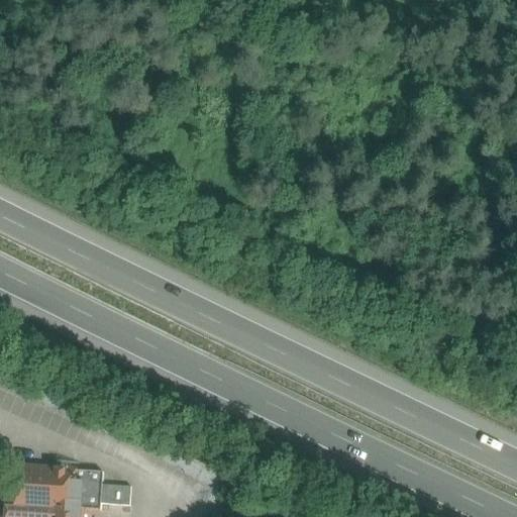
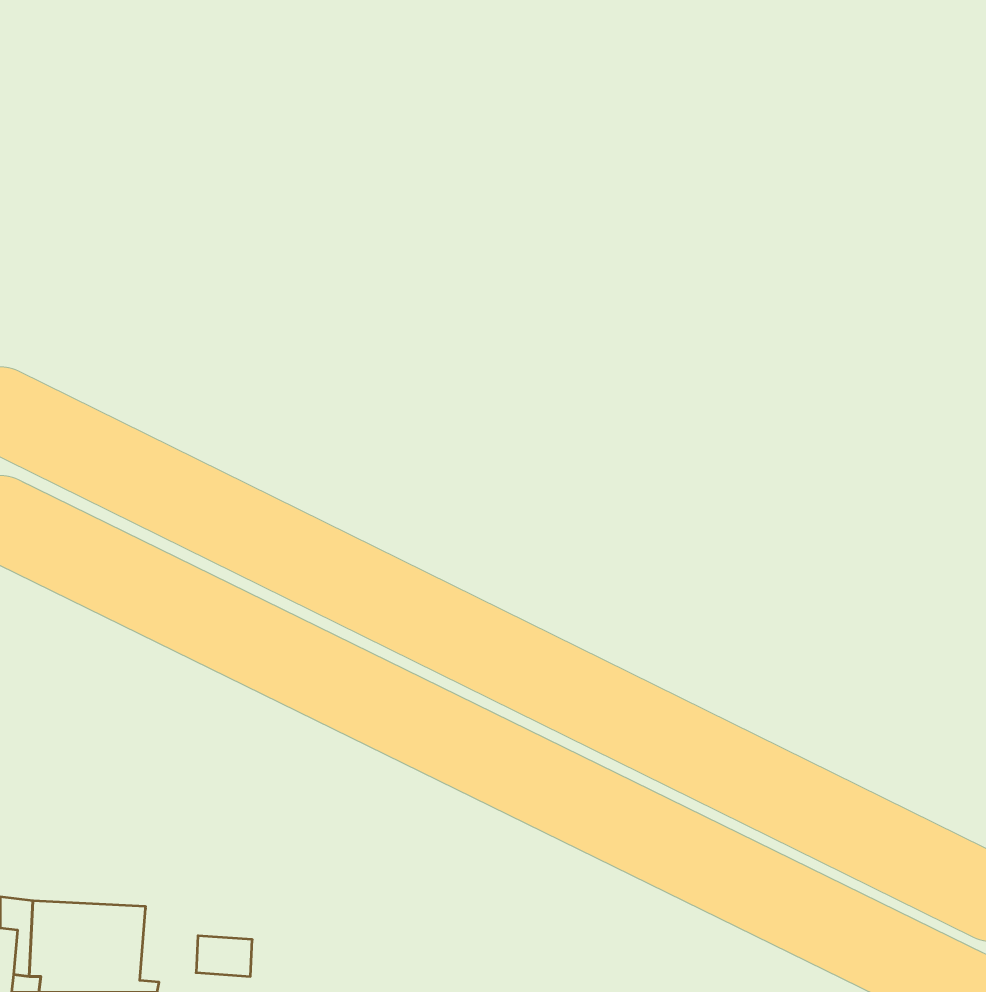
building: [76,473,107,512] -> none

